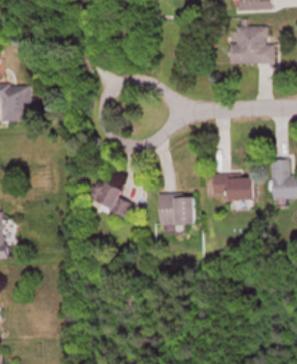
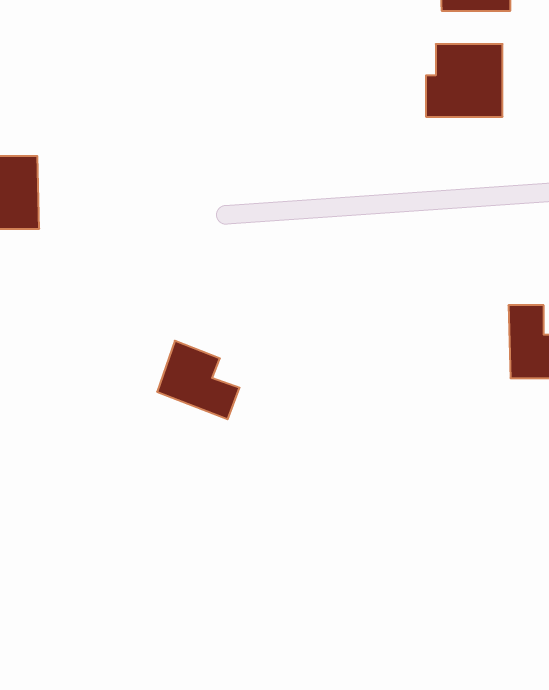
building: [212,174,254,199] -> none
building: [158,194,195,224] -> none

